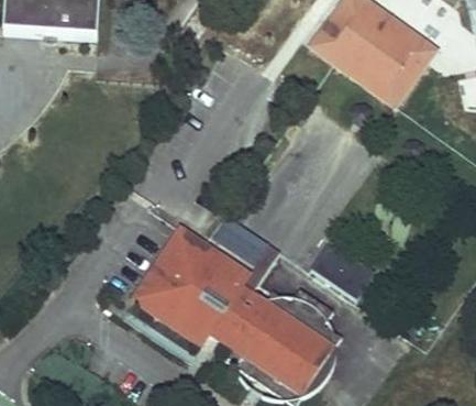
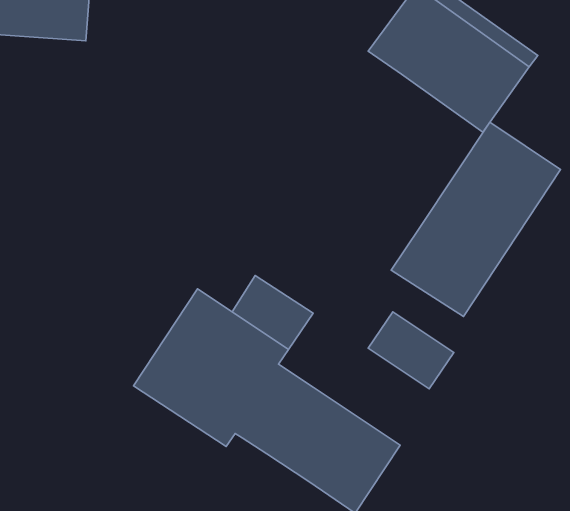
building: none -> [391,122,561,316]

